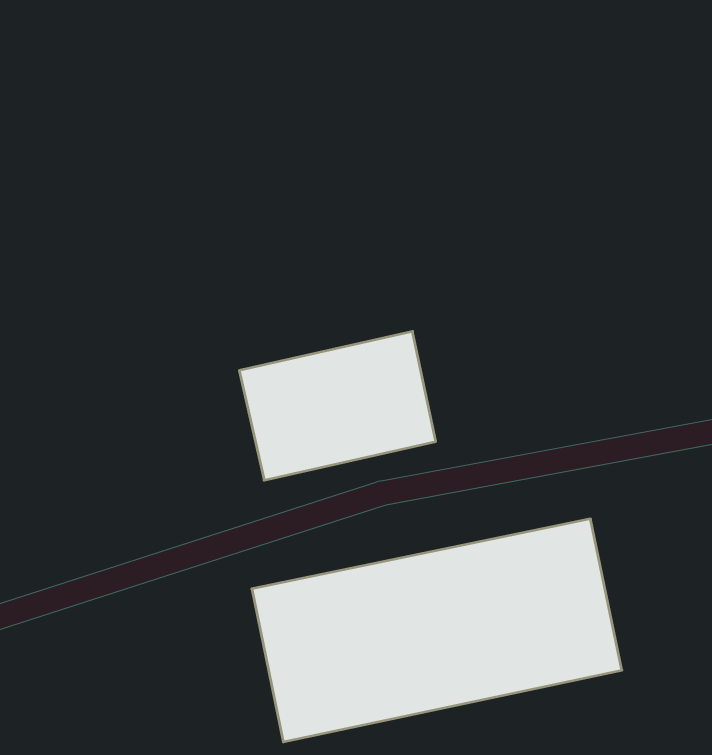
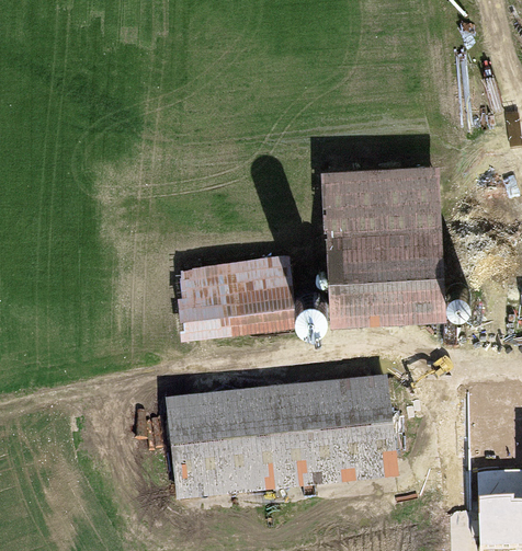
building: none -> [325,160,440,315]

